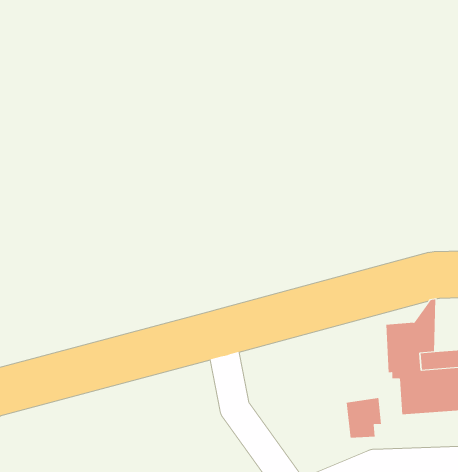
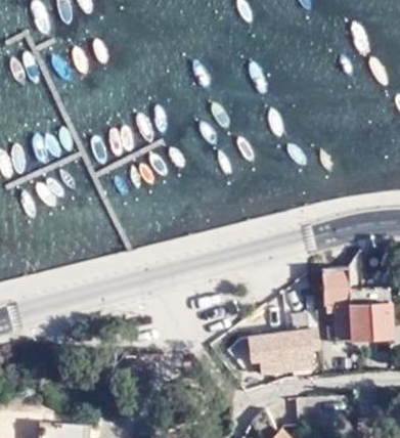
building: none -> [249,335,295,376]

